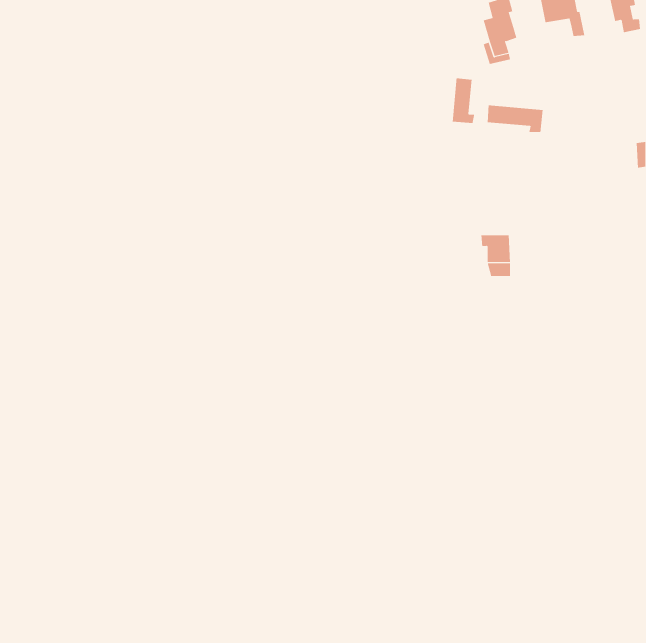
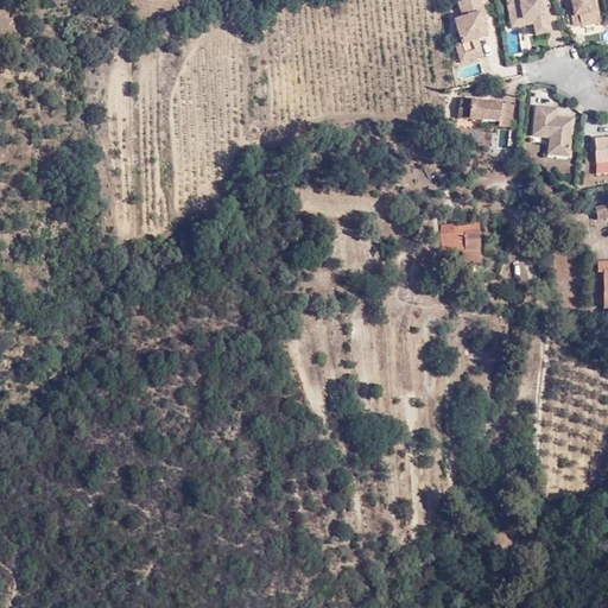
building: [452,78,475,124] -> none
building: none -> [533,107,574,153]

